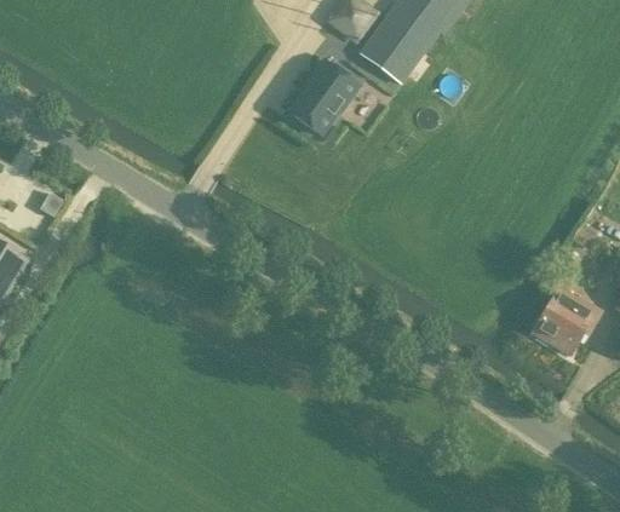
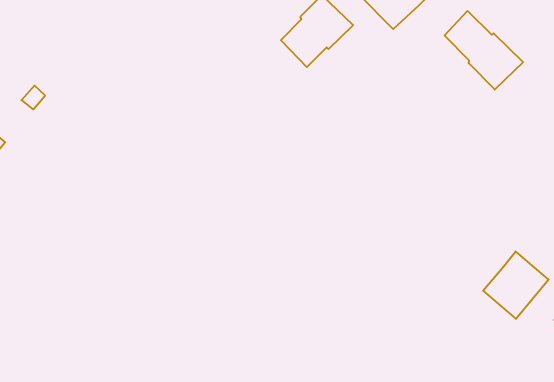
building: none -> [445,11,523,90]

